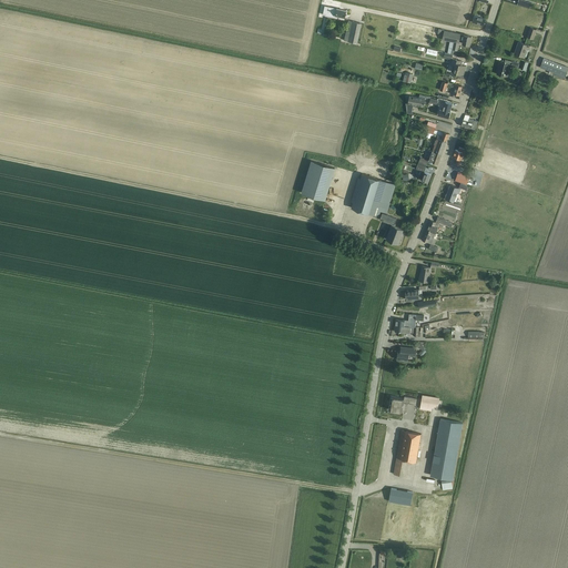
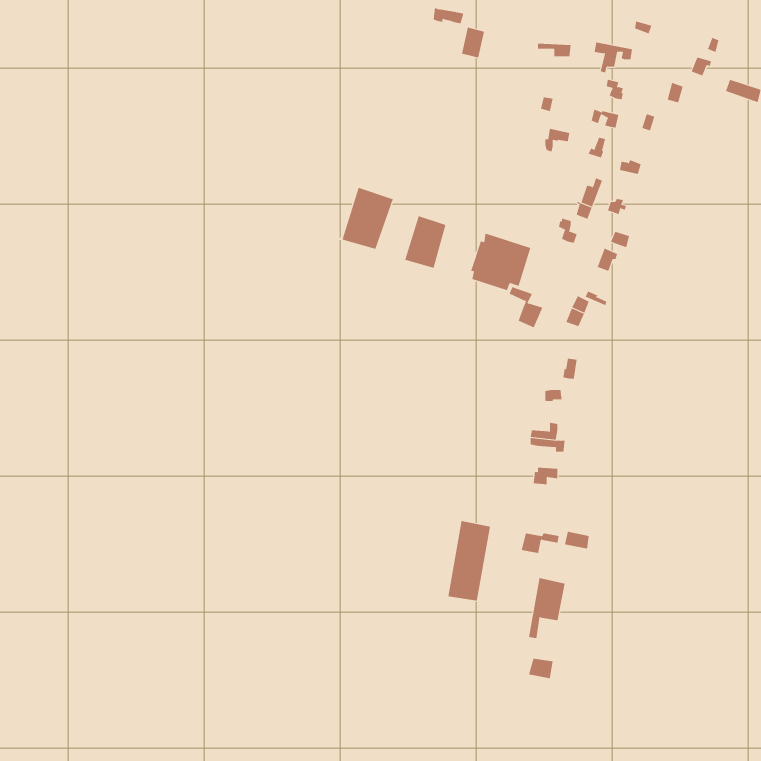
building: none -> [340,186,393,250]
building: [429,419,462,479] -> [447,520,491,601]

